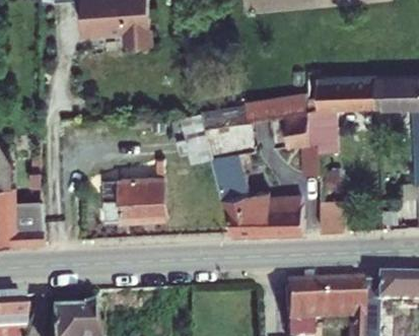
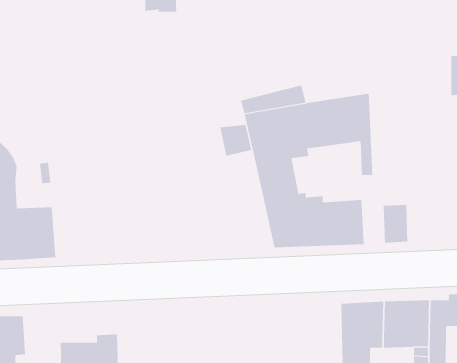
building: [310,75,378,176] -> none
building: [99,158,168,224] -> none

